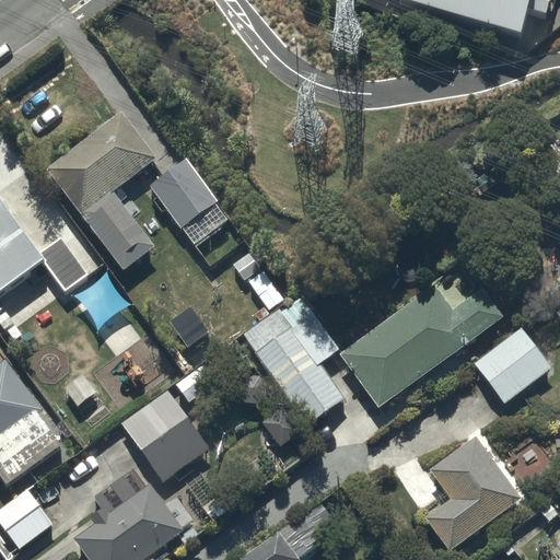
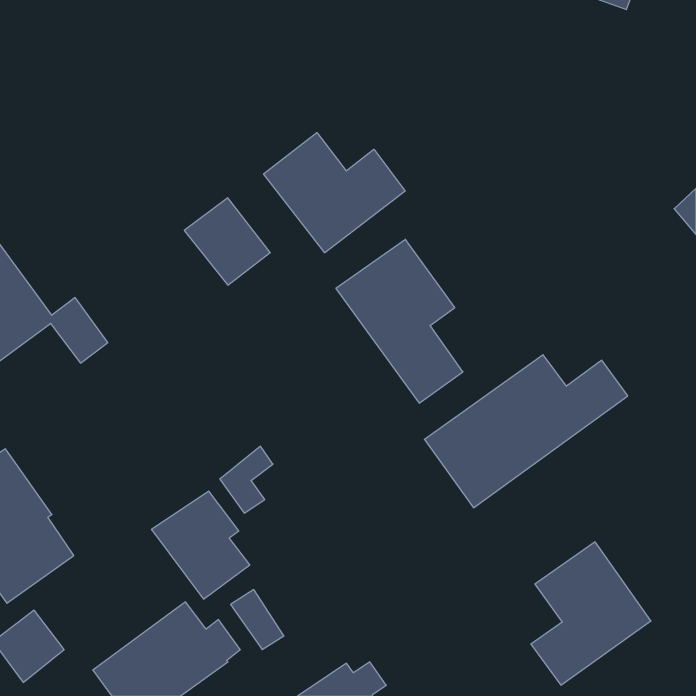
building: none -> [264,133,405,253]
building: [46,113,156,270] -> none
building: [243,293,345,424] -> [336,239,463,403]
building: [475,327,551,404] -> none

